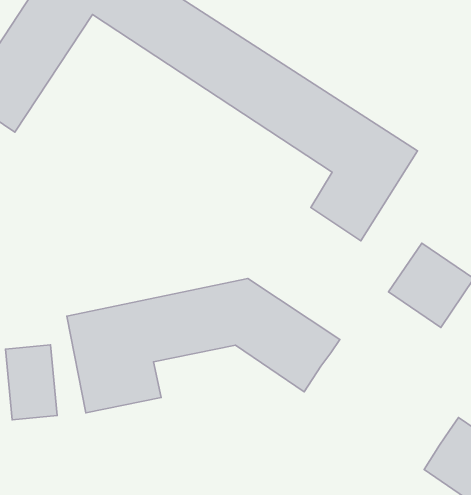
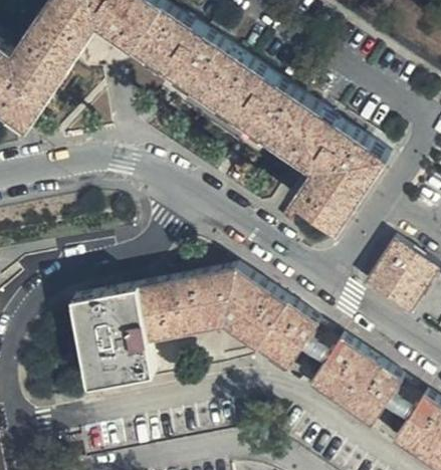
building: [5,345,57,420] -> none
building: none -> [302,336,419,427]

